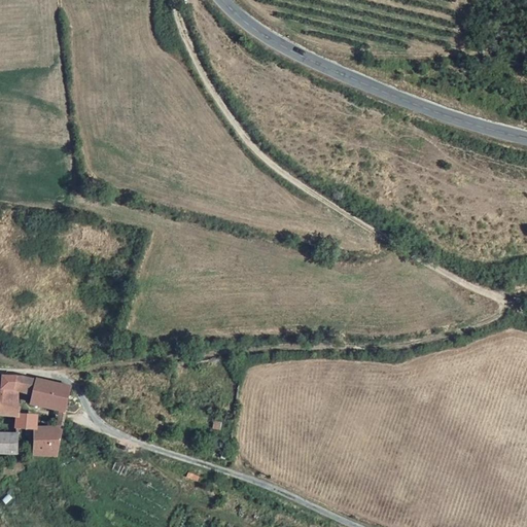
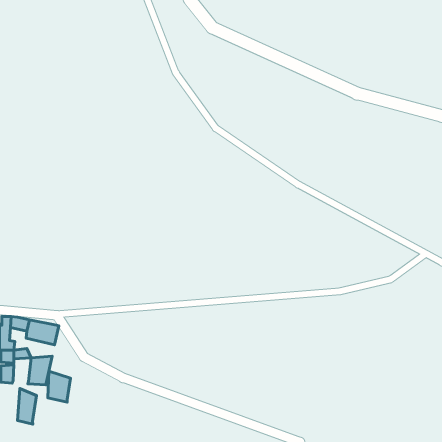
building: none -> [48,371,70,402]
building: none -> [17,388,37,424]

